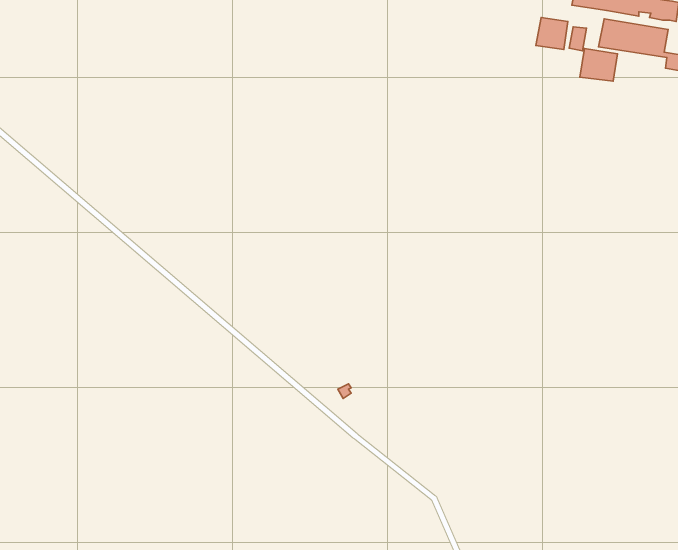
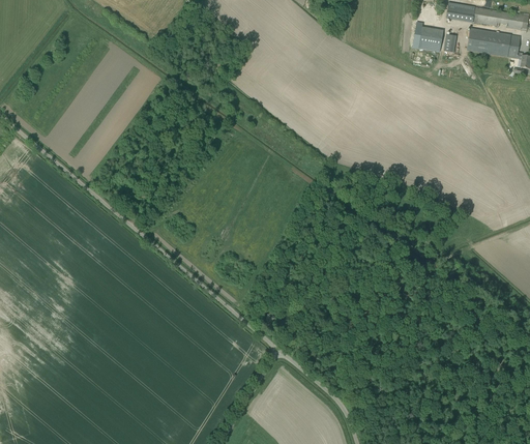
building: [580,49,617,81] -> none

